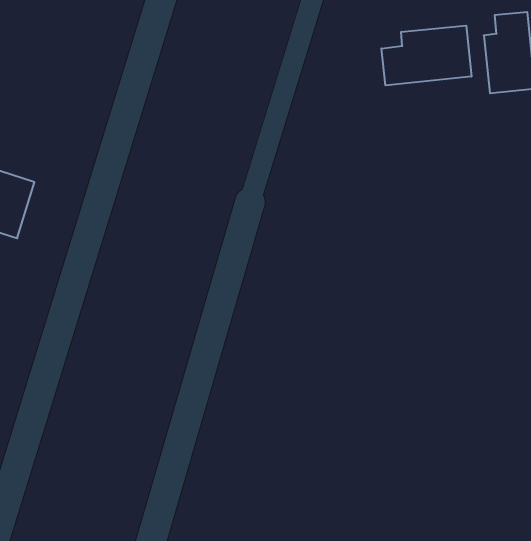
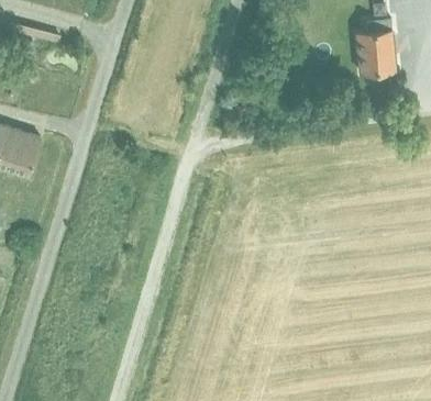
building: [381,26,471,85] -> none

